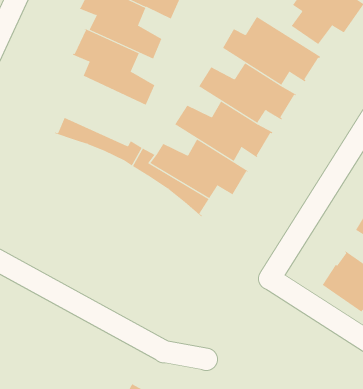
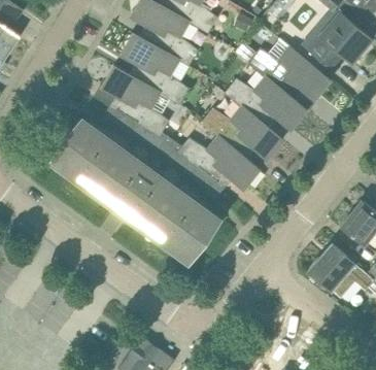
building: none -> [102,65,179,136]
building: none -> [59,122,218,255]

